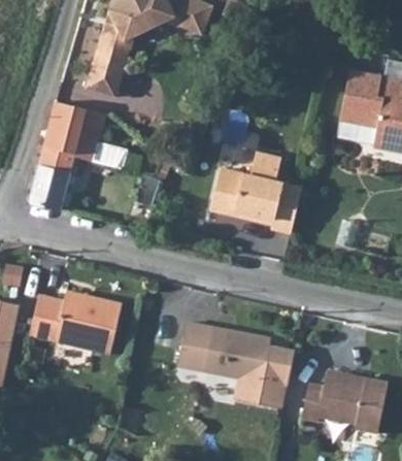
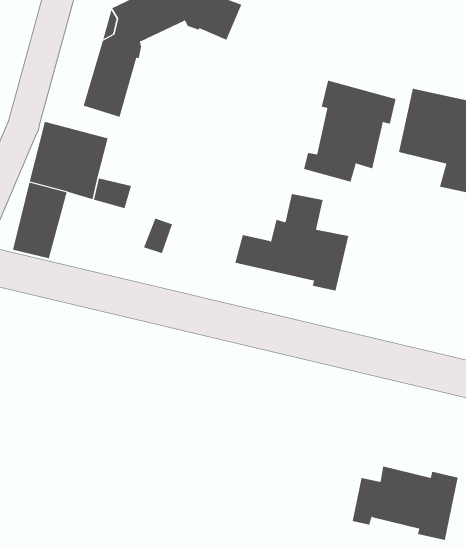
building: none -> [303,80,396,182]
building: [32,293,124,354] -> none
building: [178,322,296,411] -> none

